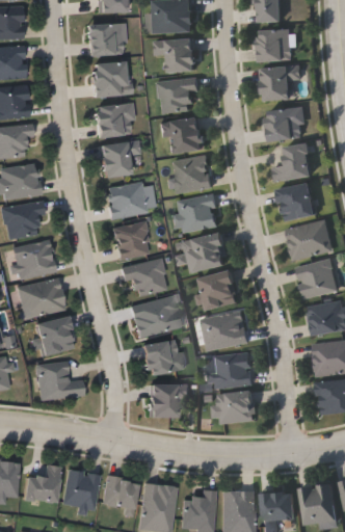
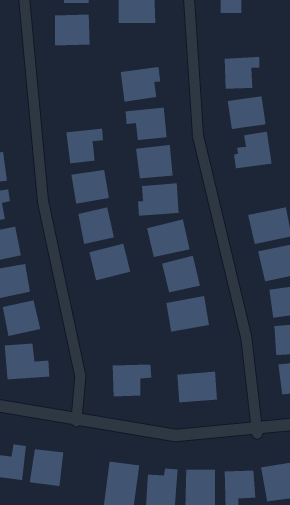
building: [261,29,292,60] -> none
building: [156,38,196,72] -> none
building: [94,60,128,96] -> none
building: [97,102,135,137] -> none
building: [280,183,317,221] -> none
building: [131,293,187,337] -> none
building: [144,339,184,373] -> none
building: [213,352,255,388] -> none
building: [103,476,138,513] -> none

